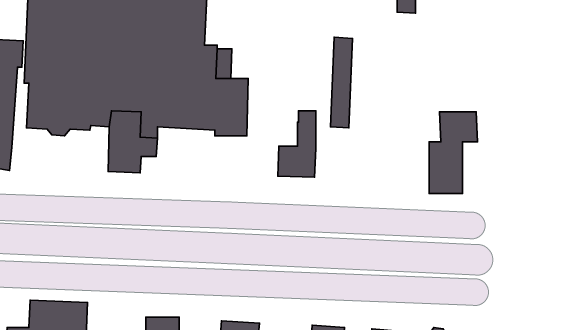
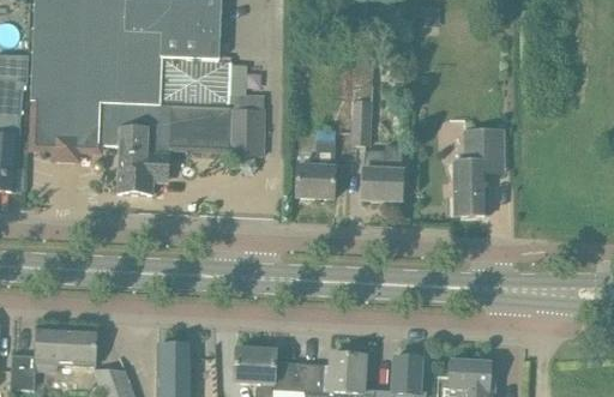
building: none -> [362,146,402,201]

